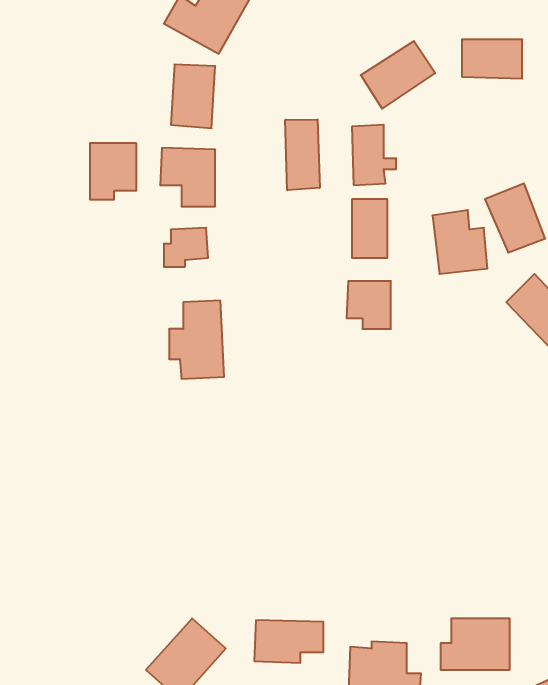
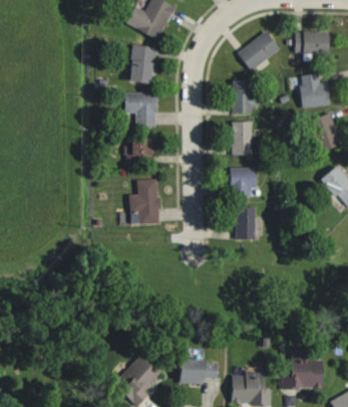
building: [285,119,320,190] -> none
building: [90,143,136,200] -> none
building: [432,210,487,274] -> [299,72,330,109]
building: none -> [236,207,256,239]

